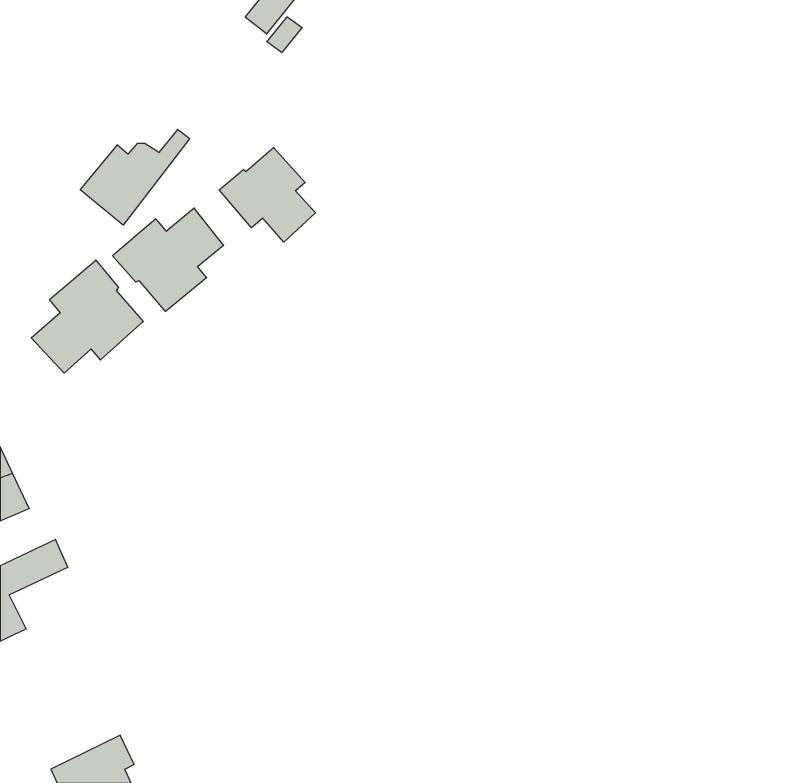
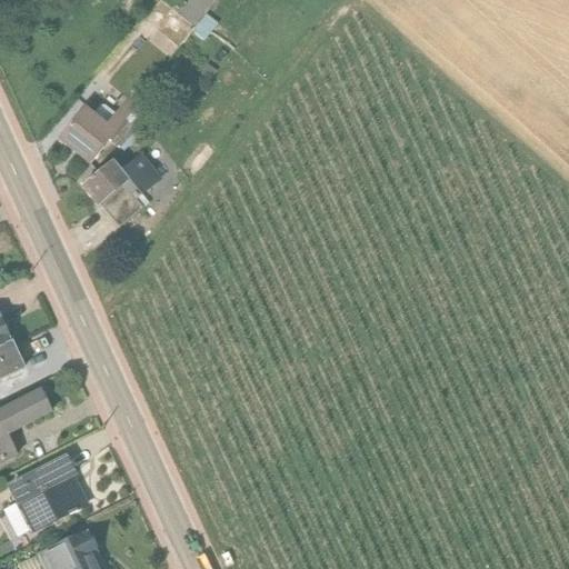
building: [219,147,315,242] -> none
building: [31,260,143,373] -> none
building: none -> [6,453,86,532]

